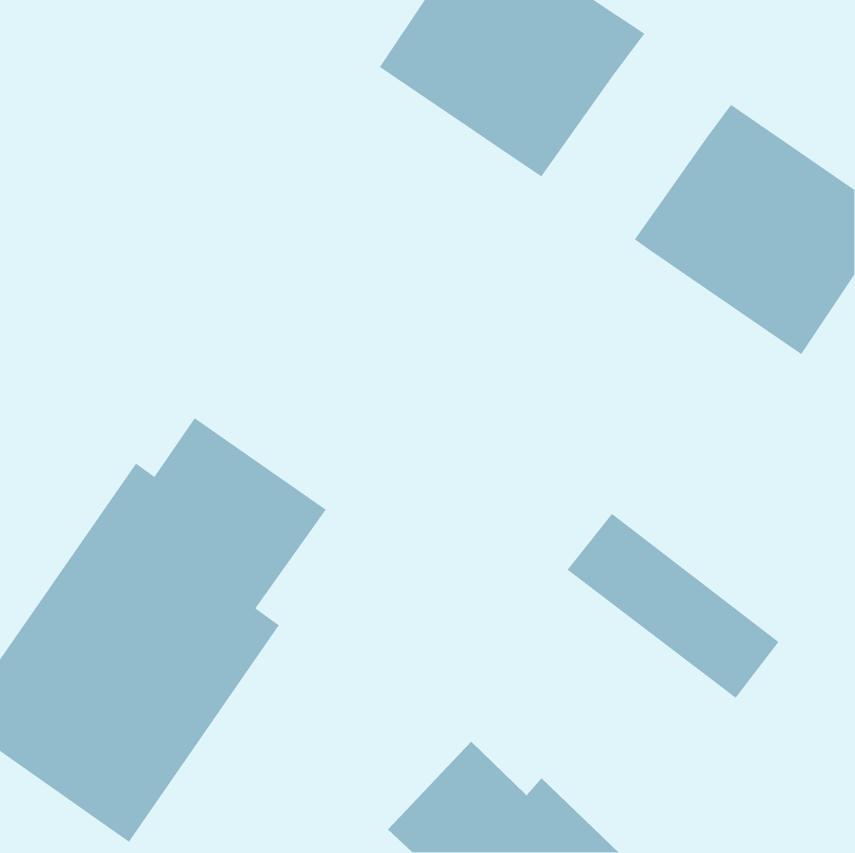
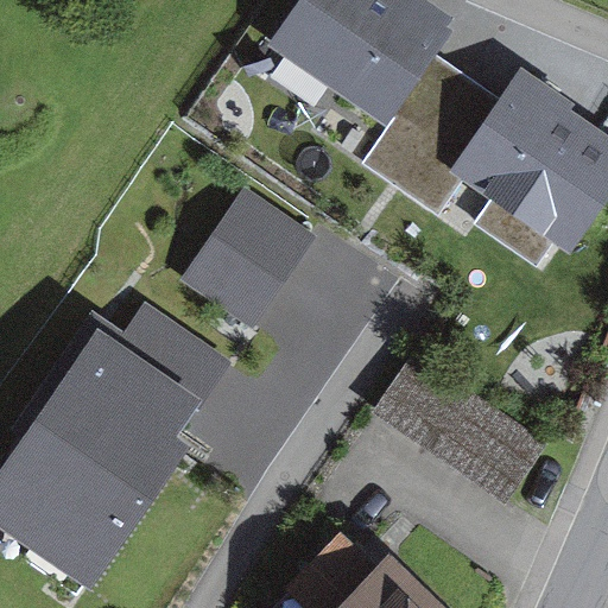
building: none -> [360,52,500,211]
building: none -> [178,186,315,329]

